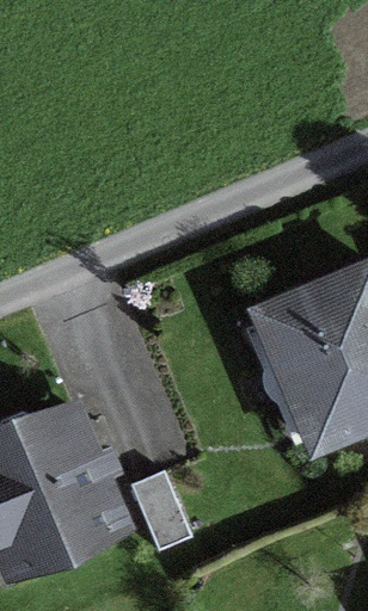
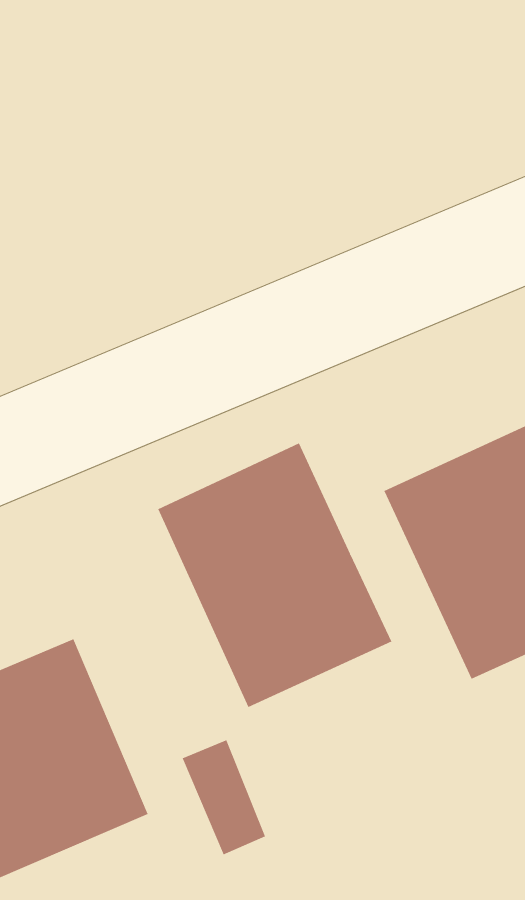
building: none -> [158,443,392,708]

